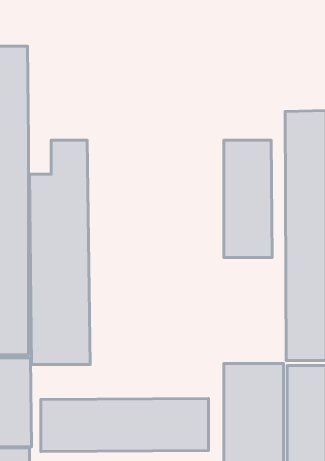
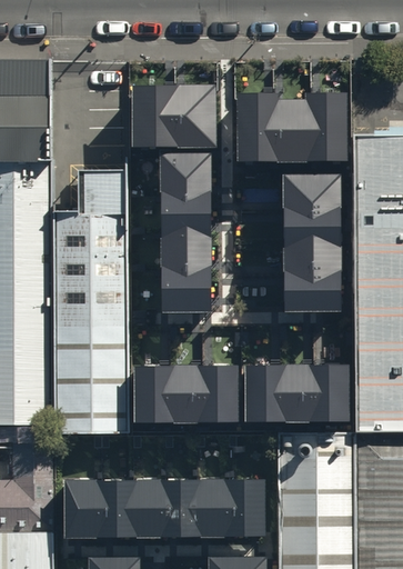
building: none -> [137,80,213,149]
building: none -> [238,90,344,162]
building: none -> [160,153,211,312]
building: none -> [139,360,236,426]
building: none -> [246,363,346,426]

